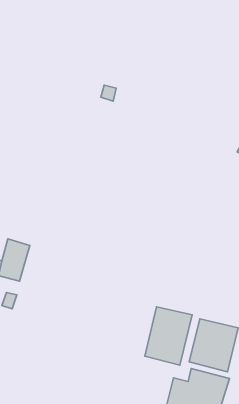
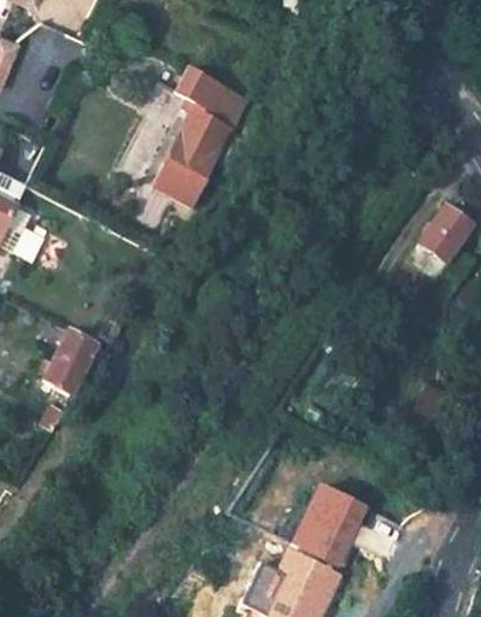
building: none -> [154,69,233,204]
building: [145,307,192,365] -> none

